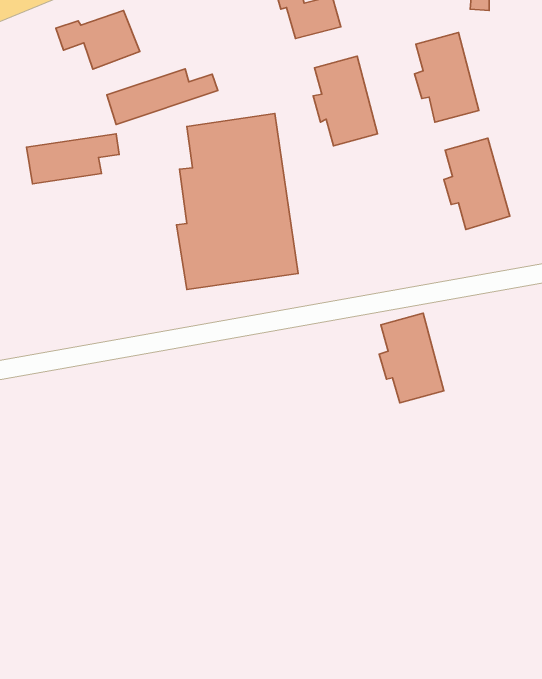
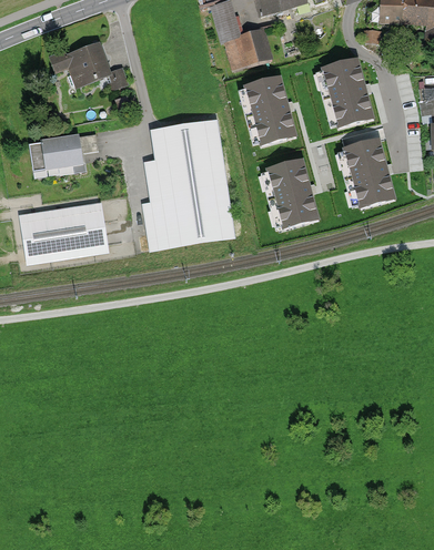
building: [107,69,218,124] -> none
building: none -> [18,202,108,265]
building: [379,313,444,403] -> [268,159,316,226]

